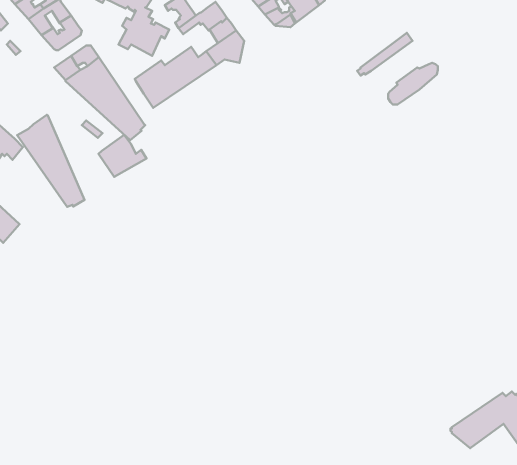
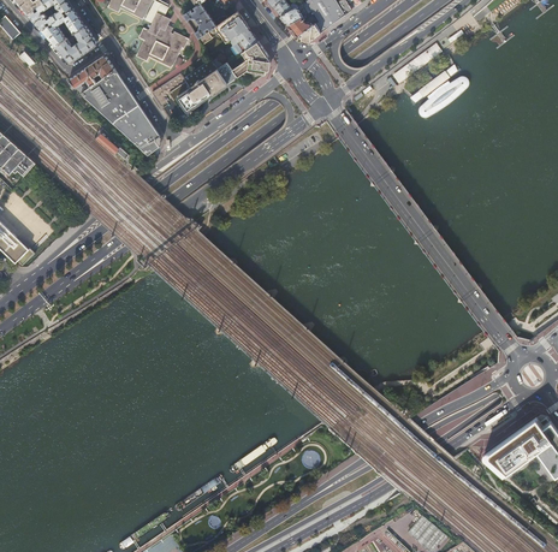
building: [17,115,85,207] -> none
building: [98,135,147,177] -> none

